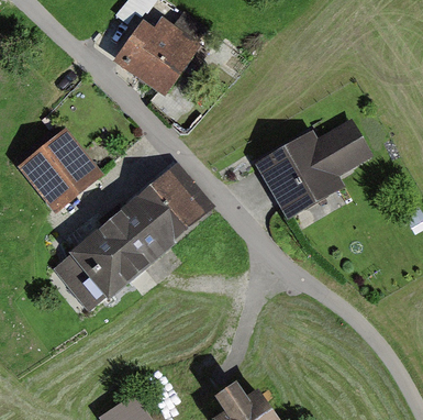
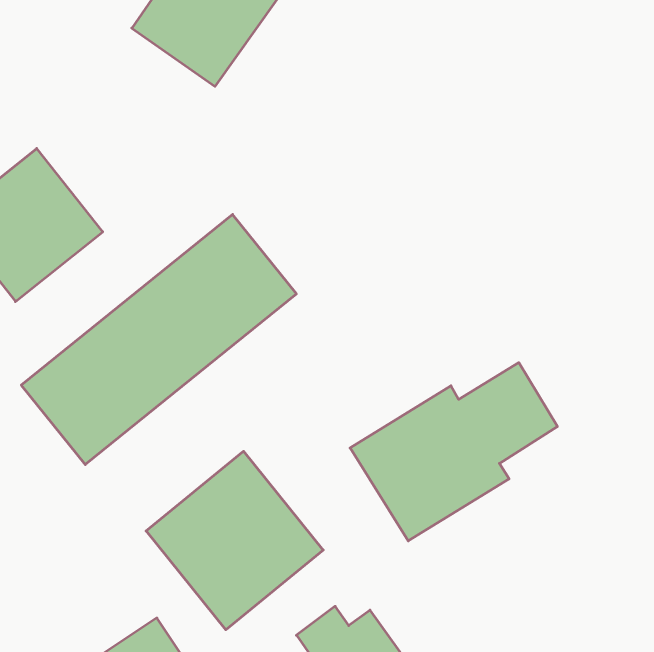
building: [253,119,370,220] -> [350,363,557,541]
building: none -> [146,451,323,630]

